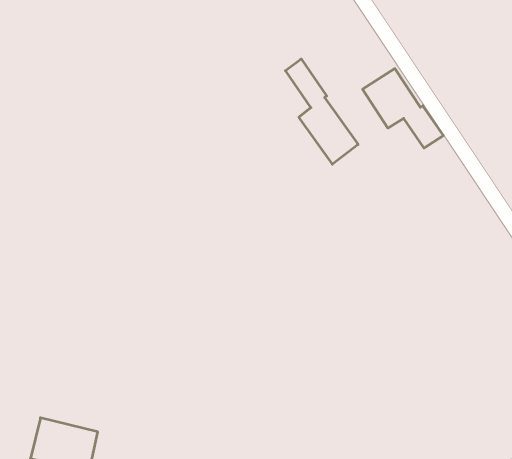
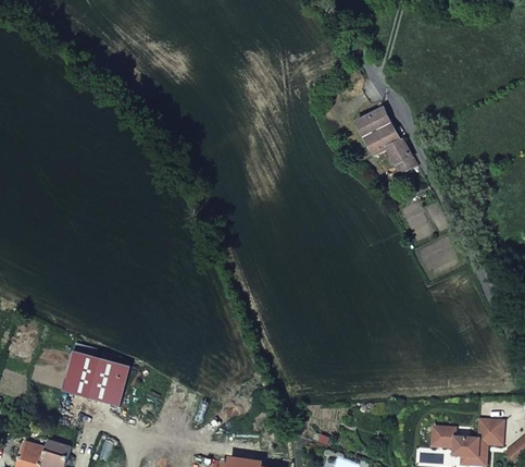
building: [285,59,358,164] -> none

